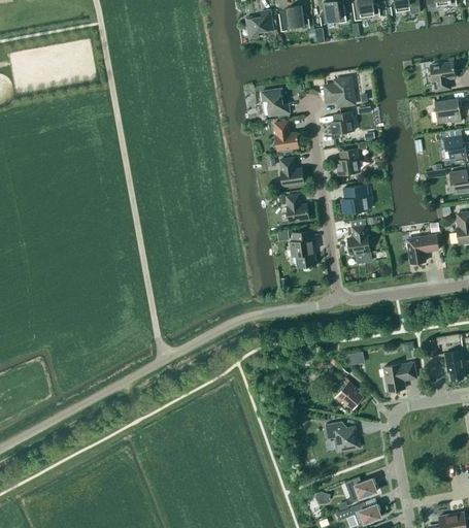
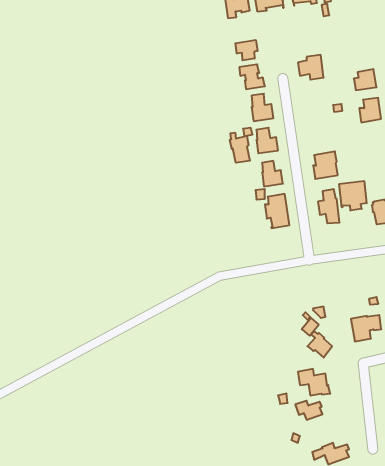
building: none -> [235,40,258,60]
building: [330,111,355,134] -> [354,69,377,90]
building: [336,148,360,175] -> [359,98,381,122]
building: none -> [230,133,250,163]
building: none -> [339,181,367,211]
building: [347,476,377,497] -> [295,401,323,420]

